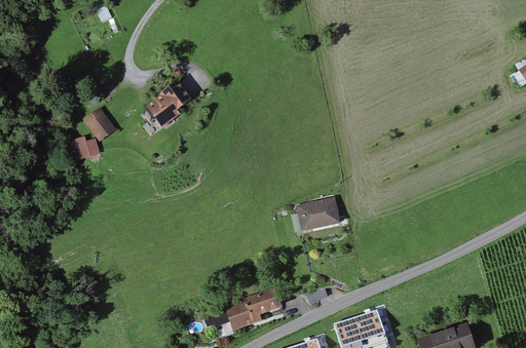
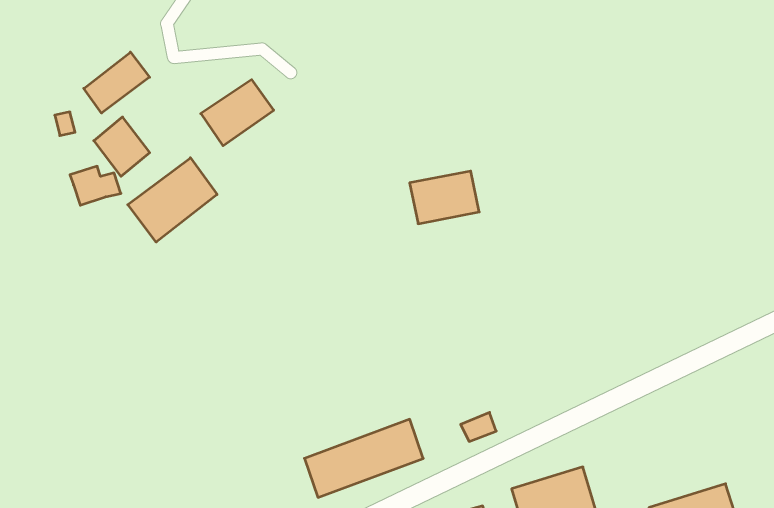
building: none -> [84,52,150,113]
building: none -> [128,158,217,242]
building: [296,196,338,228] -> [410,171,479,224]

